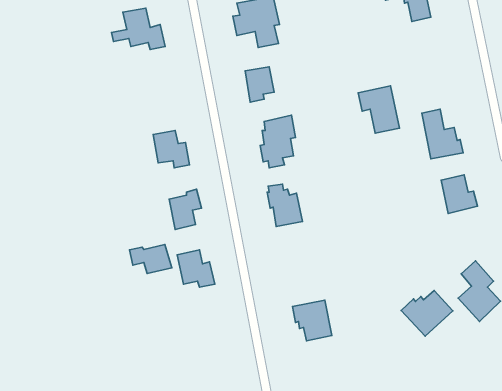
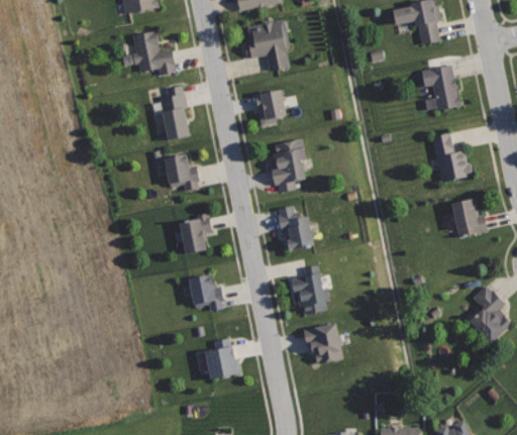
building: none -> [159,86,189,139]
building: [358,86,399,133] -> [420,64,461,111]
building: none -> [290,265,327,314]
building: [130,244,172,273] -> none
building: [401,291,453,336] -> none
building: none -> [206,338,238,379]

